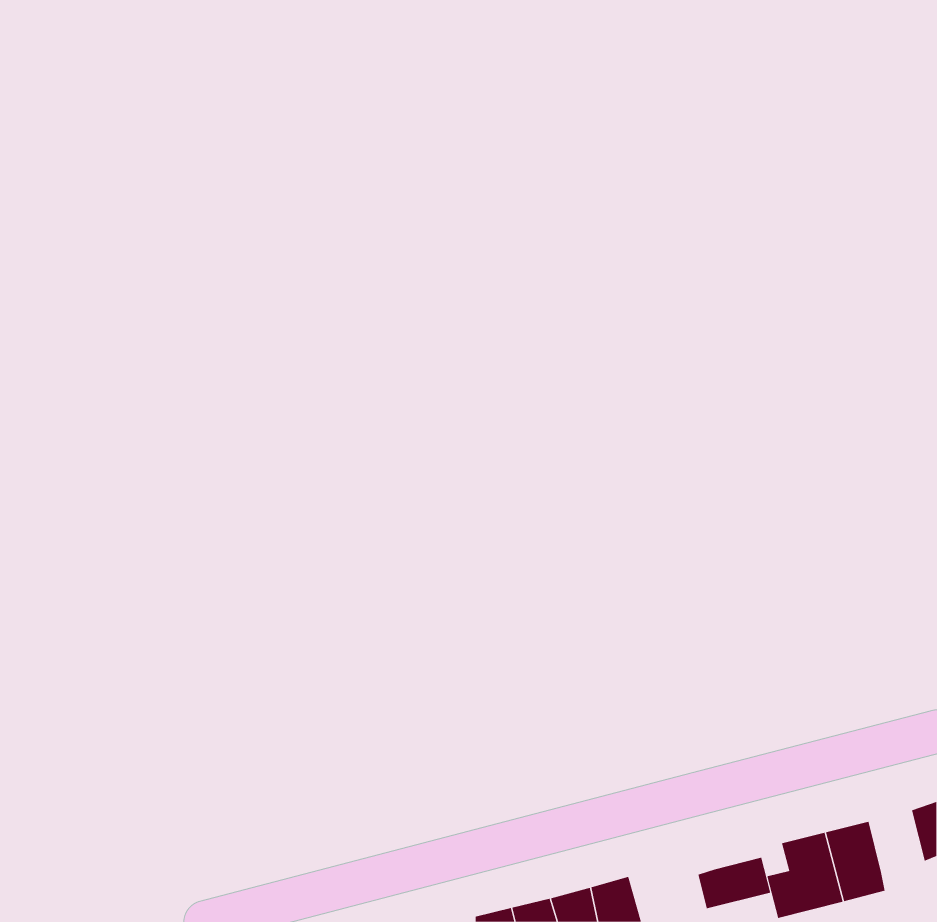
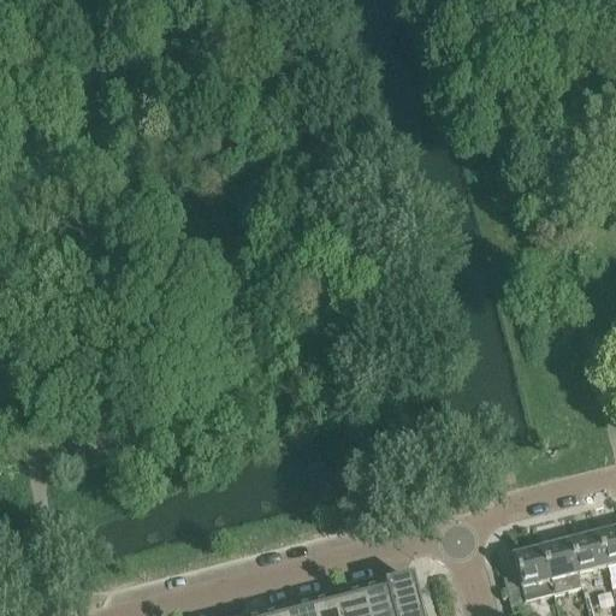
building: none -> [570,532,606,573]
building: [698,857,771,909] -> none

